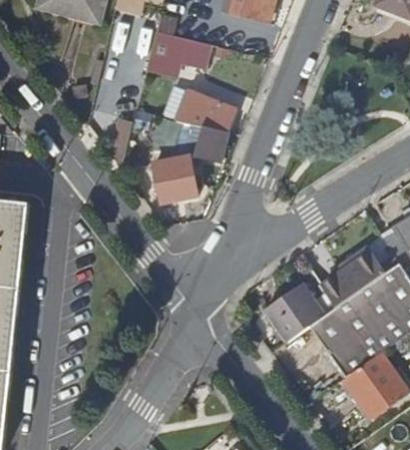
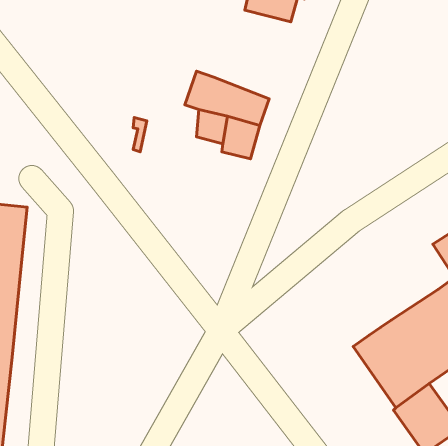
building: [145,30,210,77] -> none
building: [151,152,198,196] -> none
building: [320,248,384,309] -> none
building: [264,286,324,344] -> none

